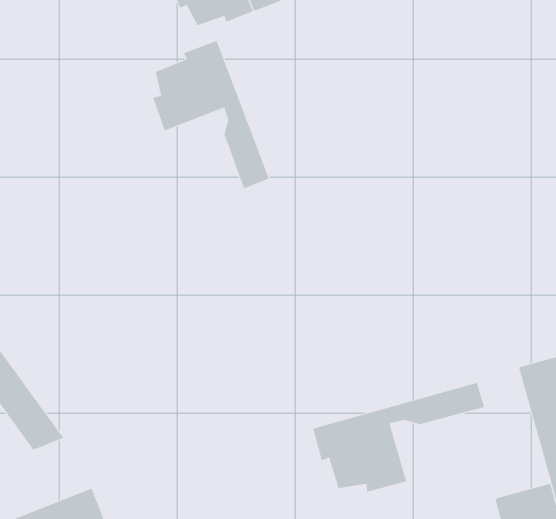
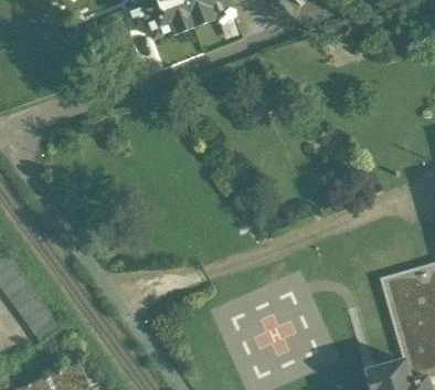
building: [153,40,270,189] -> none
building: [313,382,485,492] -> none

